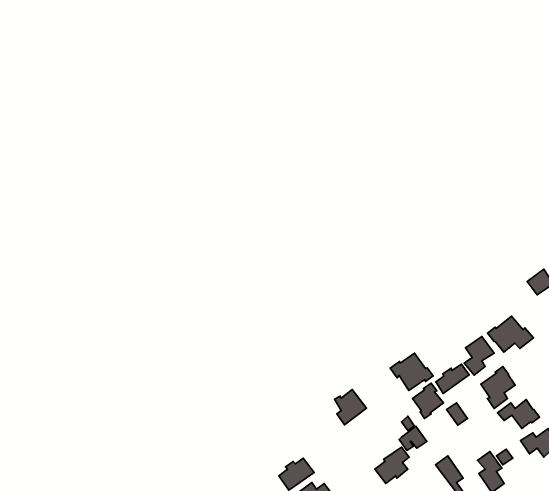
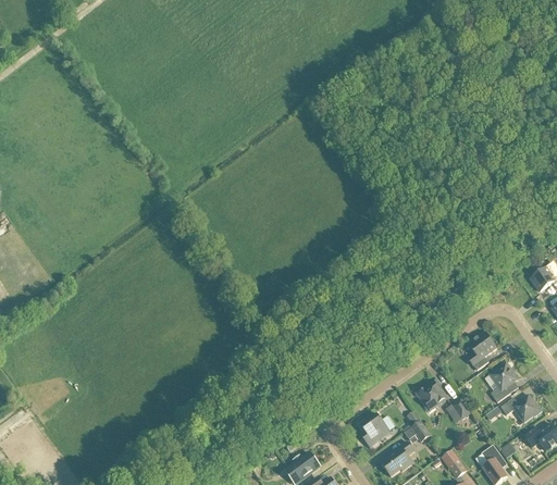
building: [488,316,533,352] -> none
building: [390,353,433,391] -> none
building: [436,364,469,394] -> none
building: [334,389,367,425] -> [359,412,391,447]

